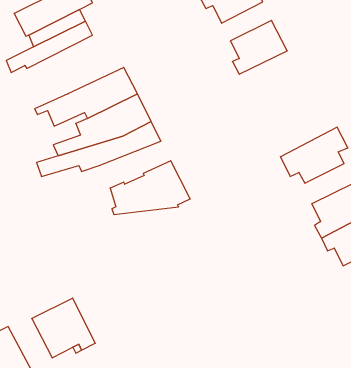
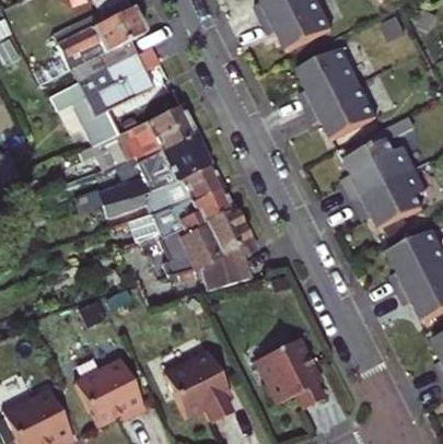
building: none -> [69,66,151,143]
building: none -> [306,83,377,140]
building: none -> [341,139,416,201]
building: none -> [150,184,230,236]
building: none -> [166,257,246,285]
building: none -> [255,338,322,409]
building: none -> [164,351,231,422]

